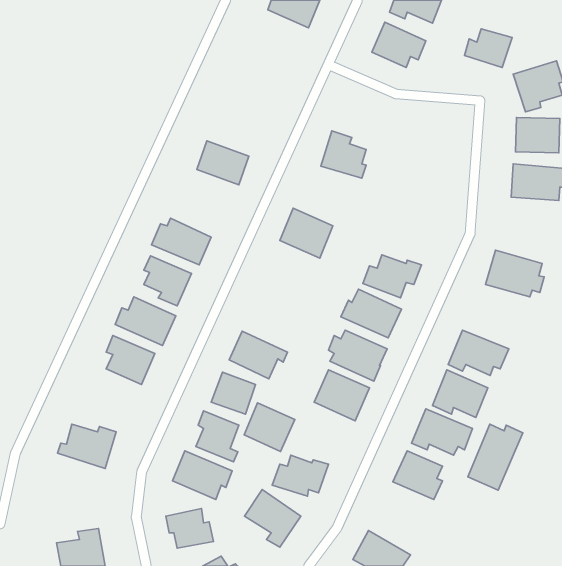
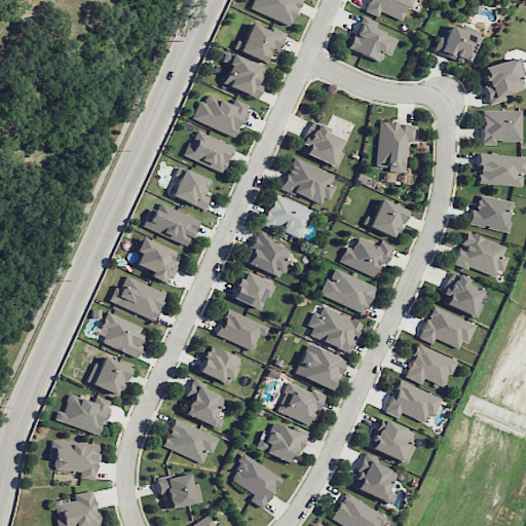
building: none -> [234,23,287,63]
building: none -> [222,50,266,97]
building: none -> [192,95,250,136]
building: none -> [377,122,416,173]
building: none -> [281,157,337,205]
building: none -> [172,166,212,210]
building: none -> [468,194,515,232]
building: none -> [364,198,409,236]
building: none -> [246,230,291,278]
building: none -> [233,271,276,308]
building: none -> [440,271,483,316]
building: none -> [87,355,132,396]
building: [244,403,295,452] -> [277,380,325,425]
building: [468,424,523,490] -> none
building: none -> [52,440,100,480]
building: none -> [351,456,397,504]

